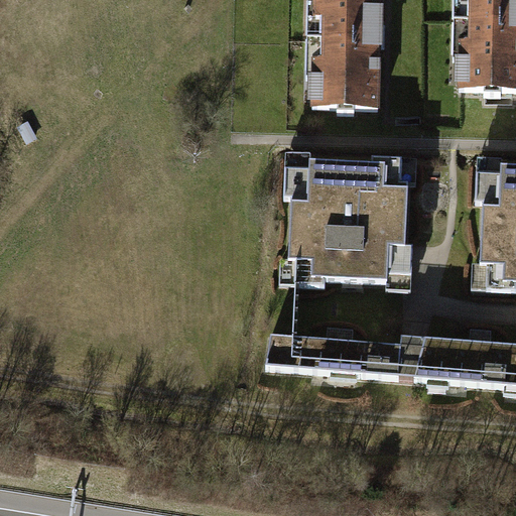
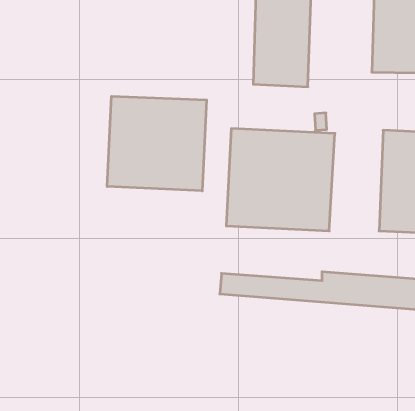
building: none -> [107,96,207,191]

